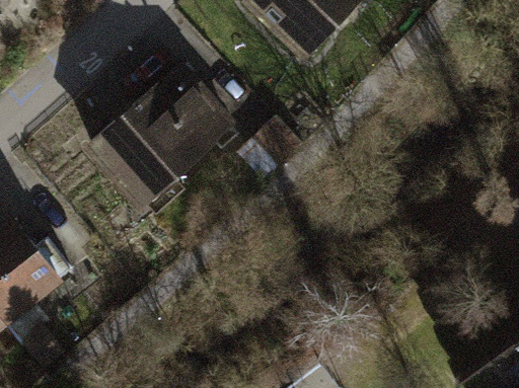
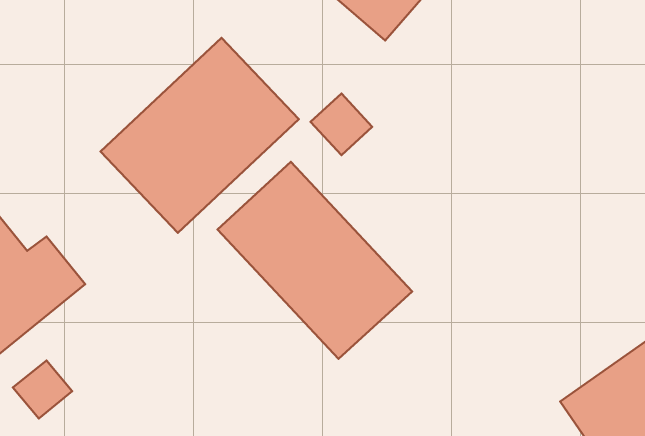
building: none -> [217,162,412,359]

